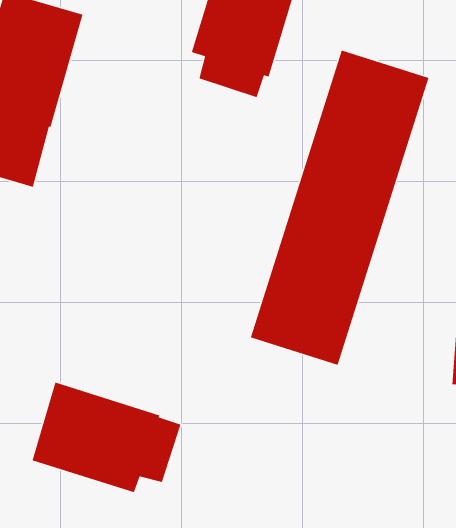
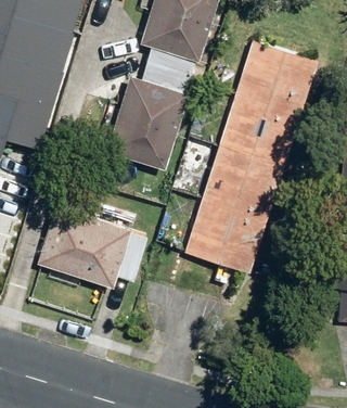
building: none -> [107,63,191,170]
building: [31,381,182,493] -> [37,206,147,289]

